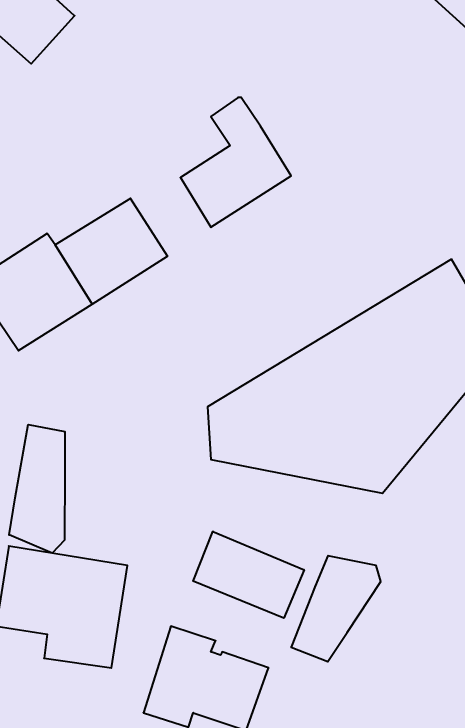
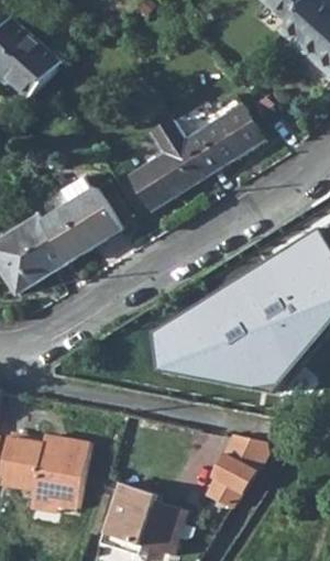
building: none -> [185,104,264,174]
building: [9,425,65,553] -> none
building: [193,531,304,618] -> none

